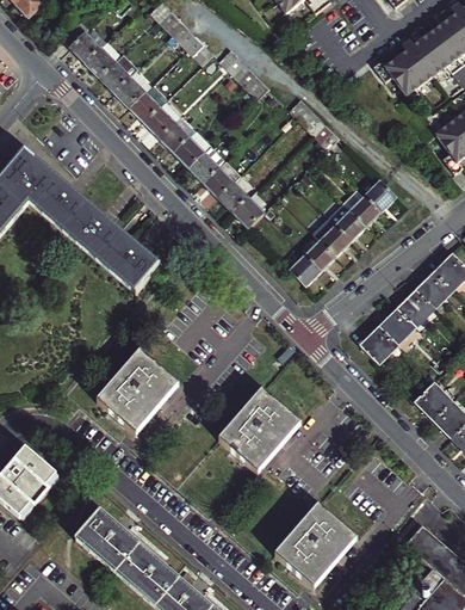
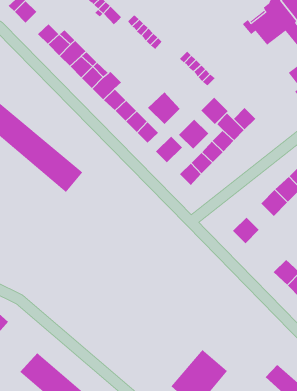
building: [81,42,118,78] -> none
building: none -> [147,92,181,125]
building: none -> [200,97,228,125]
building: none -> [178,119,209,150]
building: none -> [155,136,183,163]
building: [379,307,416,343] -> none
building: [99,351,175,431] -> none
building: [218,389,298,470] -> none

